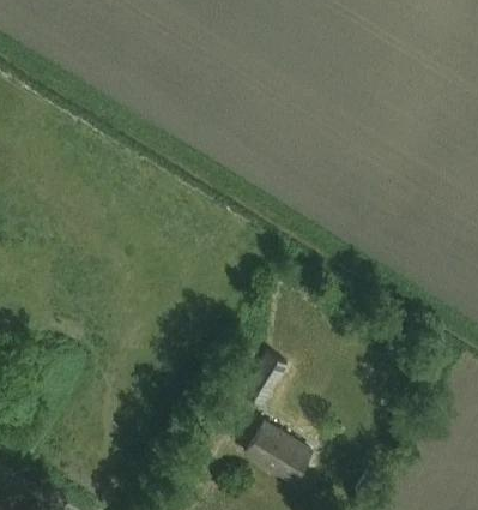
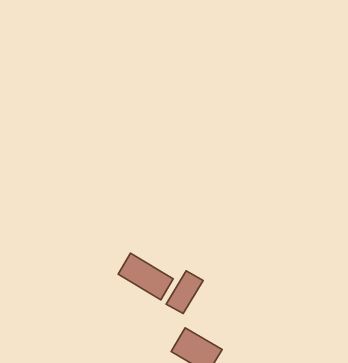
building: none -> [118,253,173,300]

